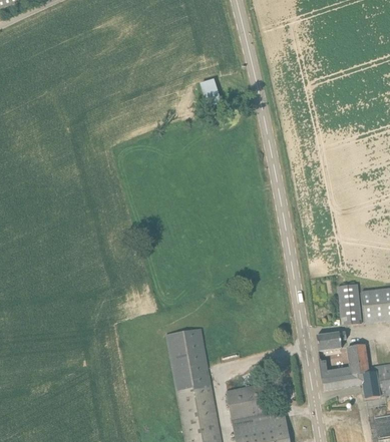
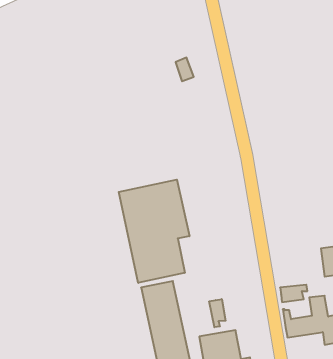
building: none -> [119,180,189,283]
building: [340,284,363,326] -> none
building: none -> [209,299,226,327]

